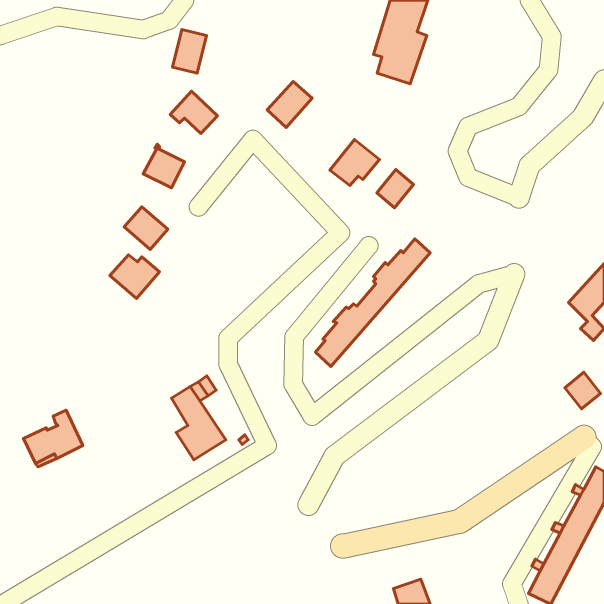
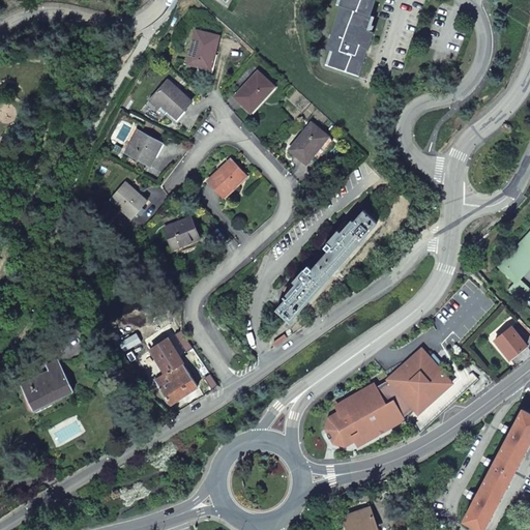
building: [172,29,207,73] -> [188,30,218,68]
building: [377,170,413,208] -> none
building: none -> [207,159,245,197]
building: none -> [165,216,200,248]
building: [110,255,159,299] -> none
building: none -> [326,348,478,444]

